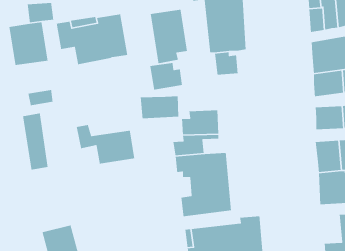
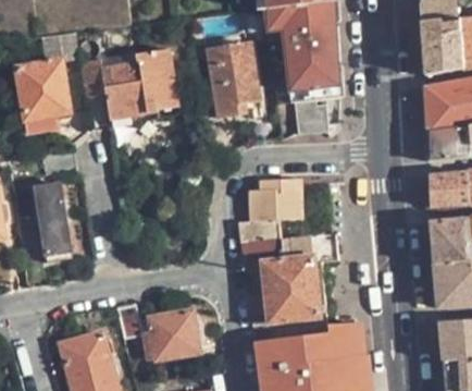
building: [149,62,183,90] -> none
building: [140,96,179,119] -> none
building: [76,124,135,164] -> [117,305,198,359]
building: none -> [439,320,467,359]

